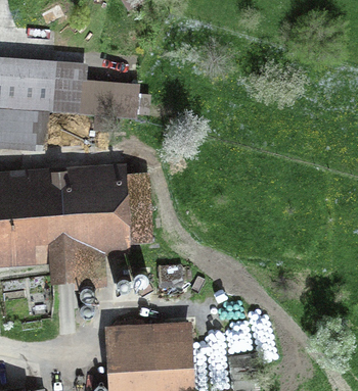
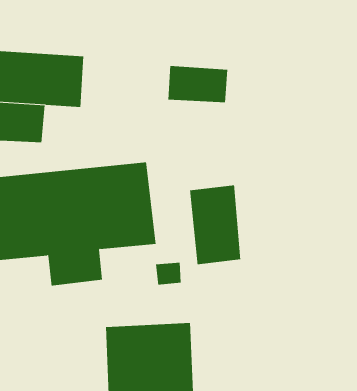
building: [83,79,142,115] -> [167,65,228,103]
building: none -> [189,185,241,265]

